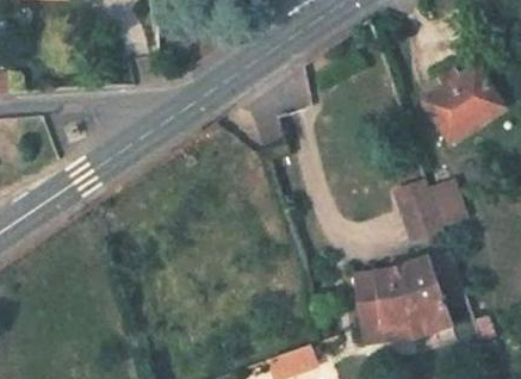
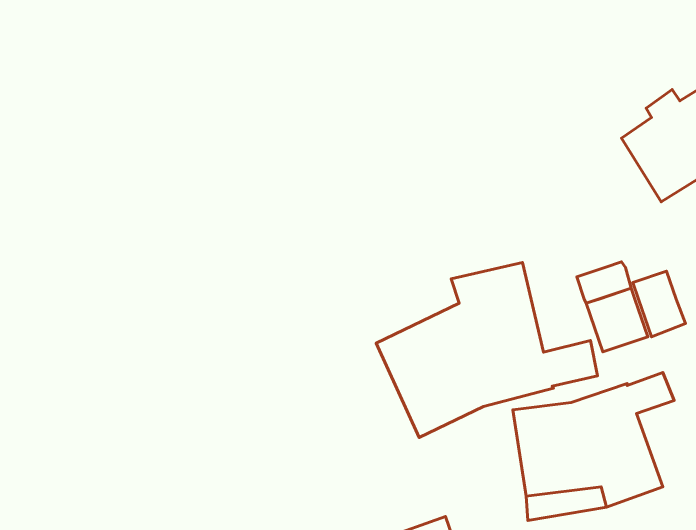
building: none -> [376,262,597,437]

